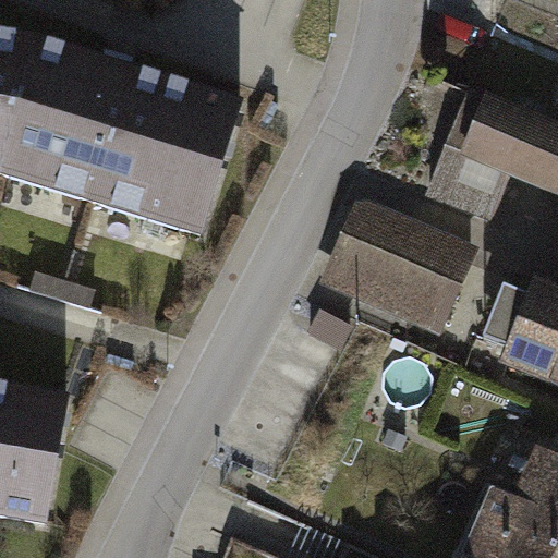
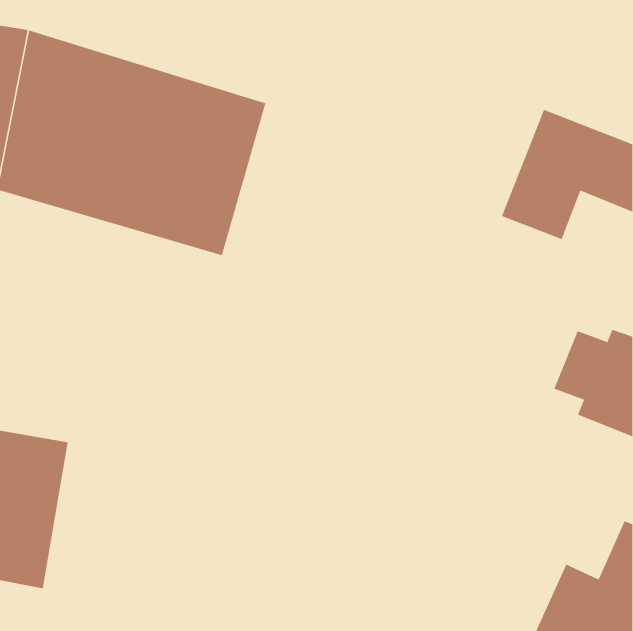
building: [333,215,473,331] -> none

